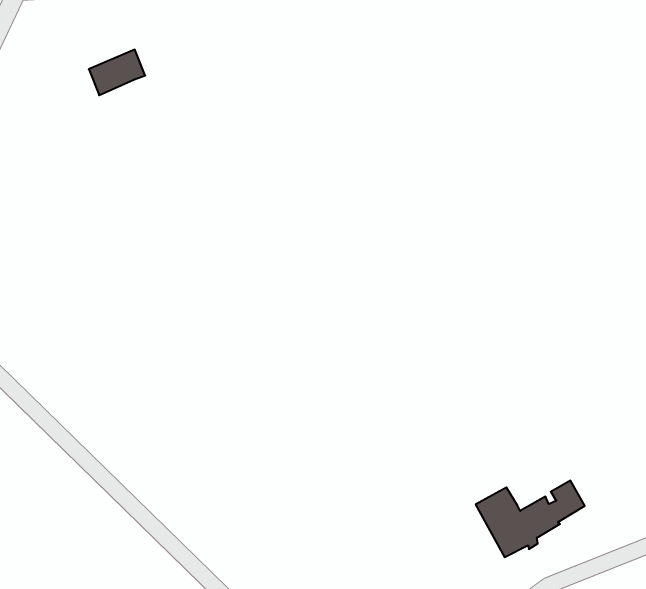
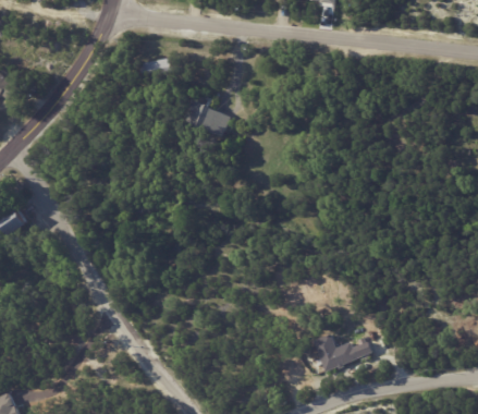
building: none -> [184,100,232,138]

